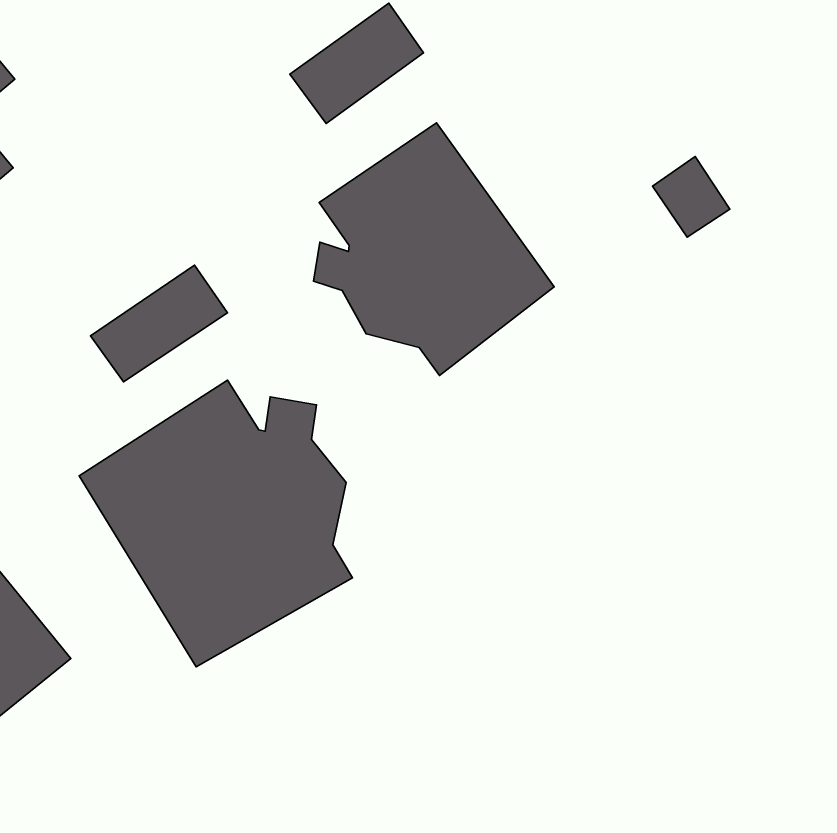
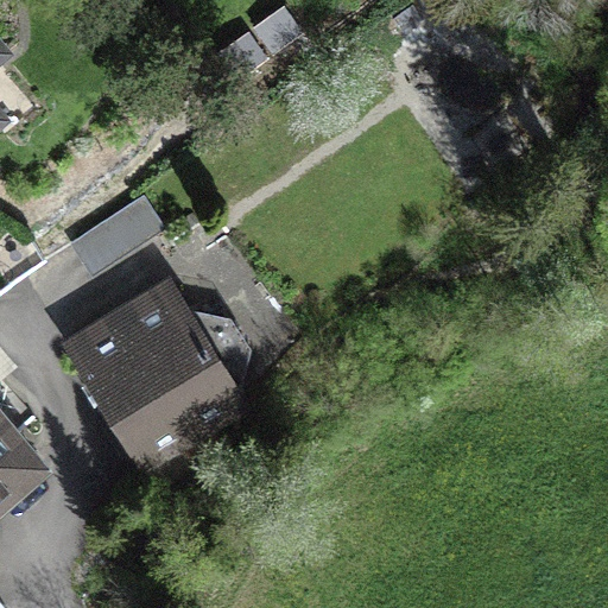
building: [313,123,554,375] -> none

